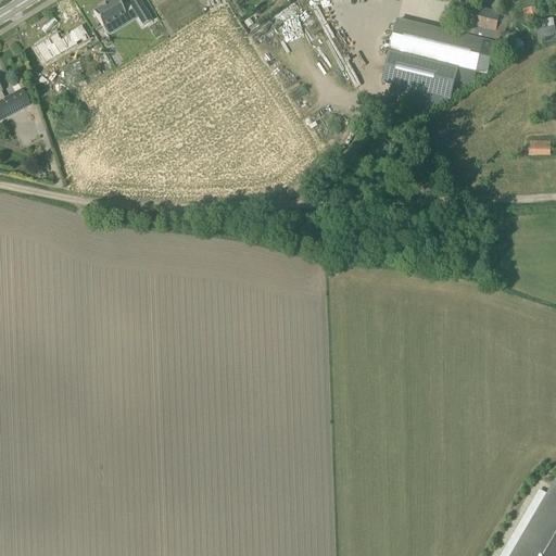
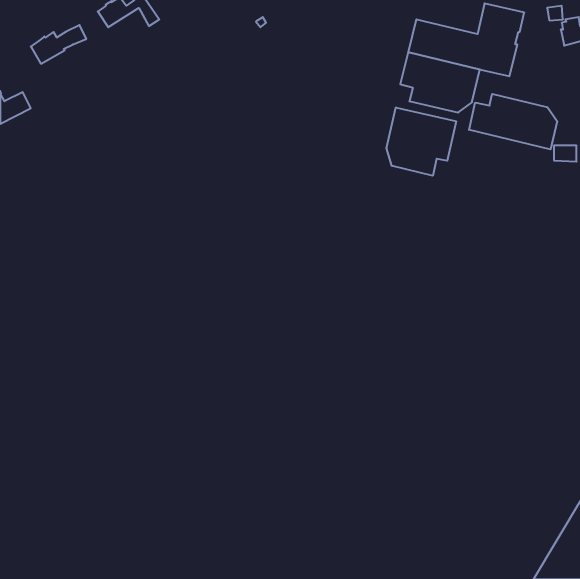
building: none -> [469,94,557,149]
building: none -> [387,107,456,176]

